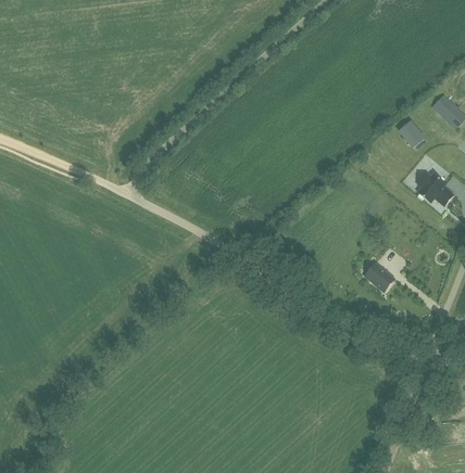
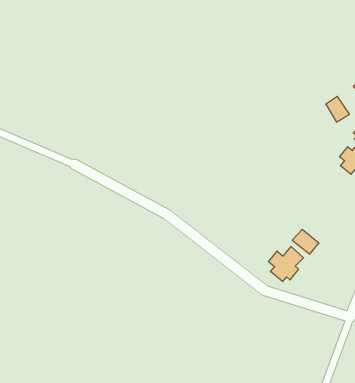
building: none -> [268,247,304,282]

